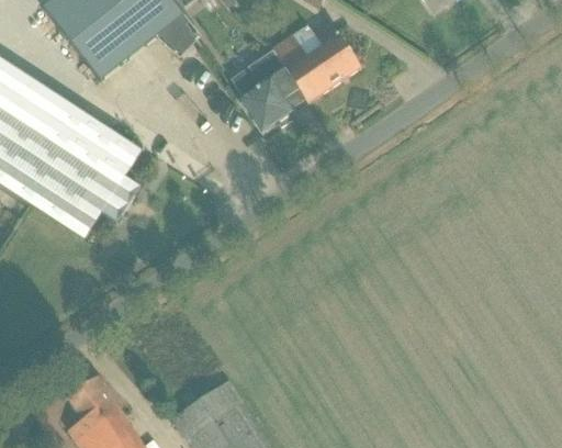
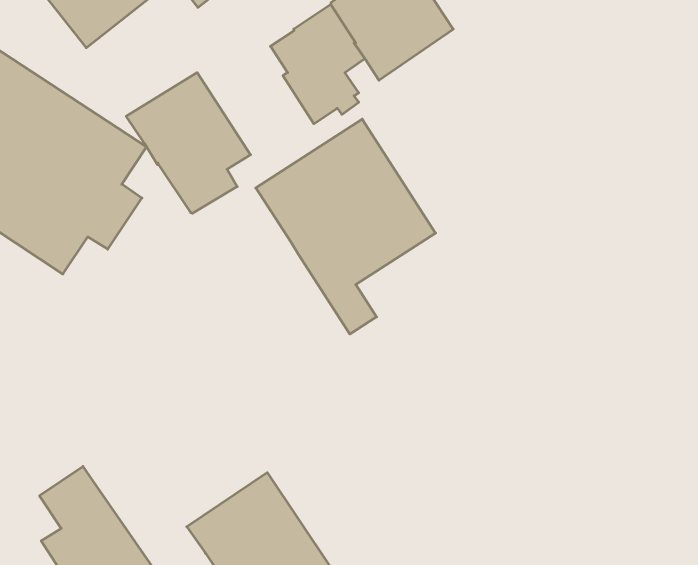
building: none -> [126,73,251,213]
building: none -> [256,119,436,334]

